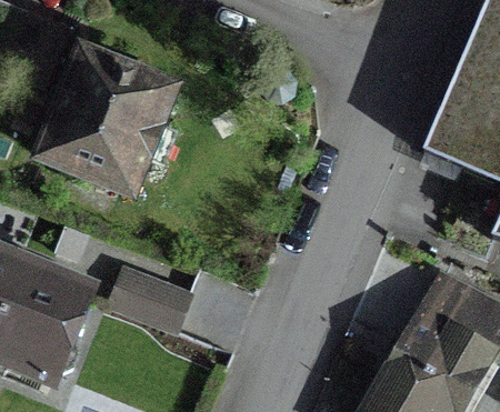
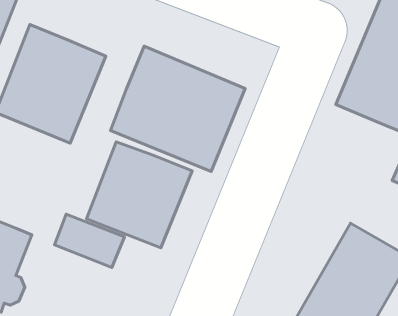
building: none -> [111,46,245,171]
building: none -> [86,142,192,248]

